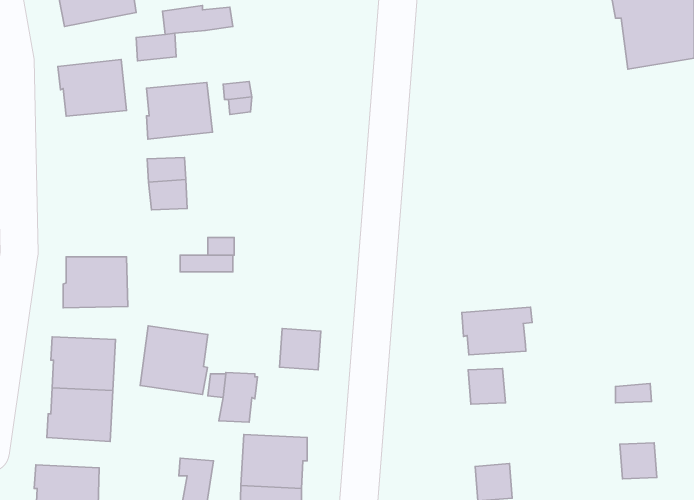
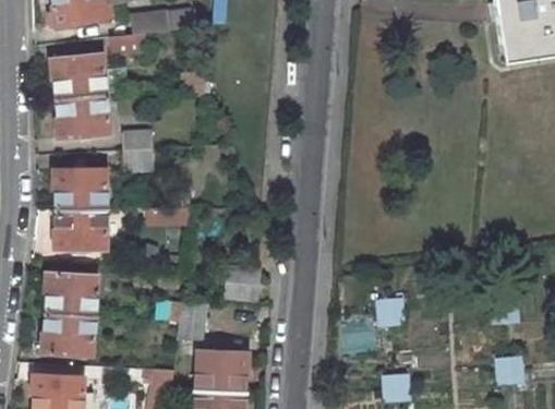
building: [146,83,212,139] -> [57,94,109,139]
building: none -> [53,169,105,209]
building: [462,307,532,355] -> none
building: [140,326,208,395] -> none

